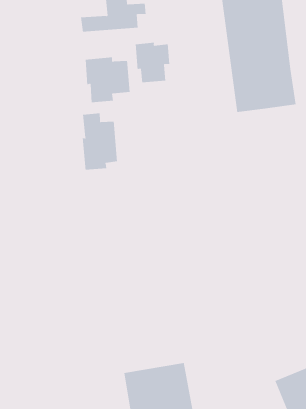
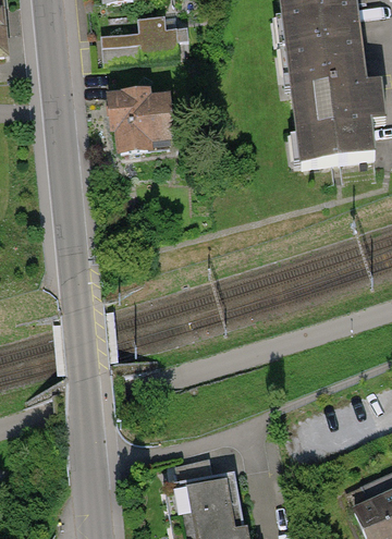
building: [135,42,170,83] -> none
building: [82,112,118,170] -> none

